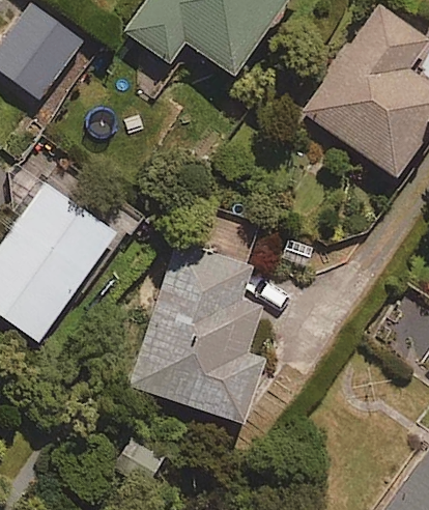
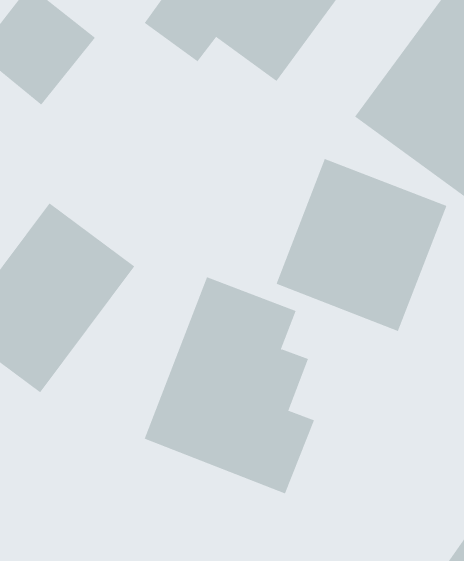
building: none -> [276,158,447,332]

